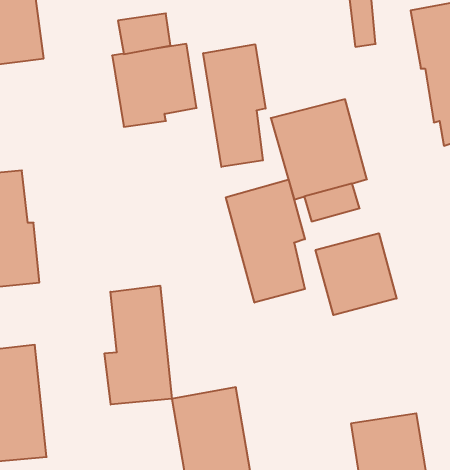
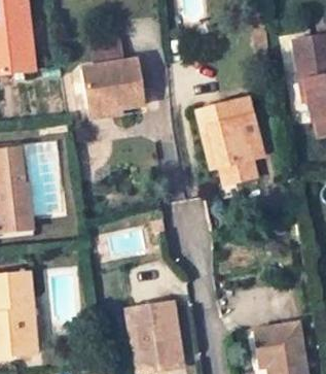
building: [203,44,266,167] -> none
building: [226,180,305,303] -> none
building: [316,233,397,315] -> none
building: [105,286,172,405] -> none

